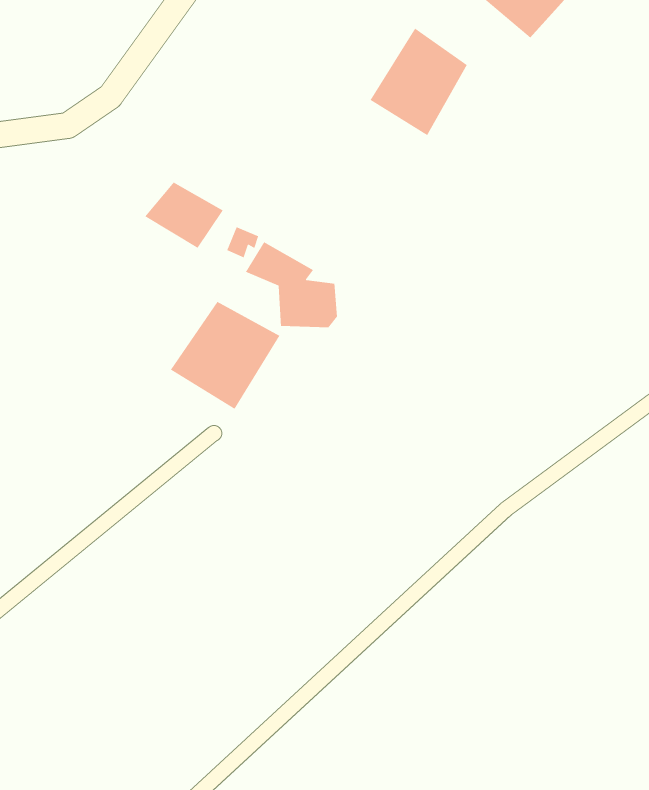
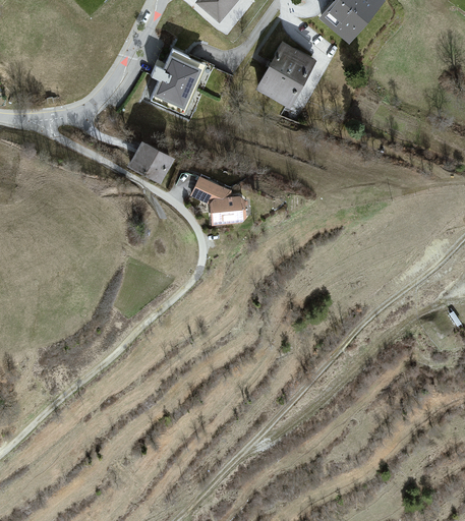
building: none -> [150,50,205,114]
building: [170,301,280,410] -> none

